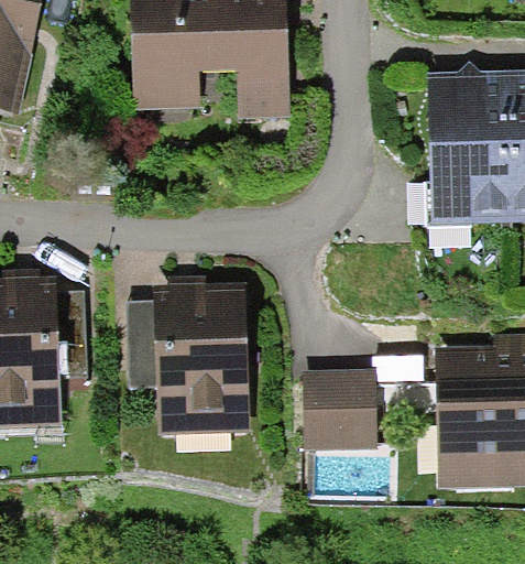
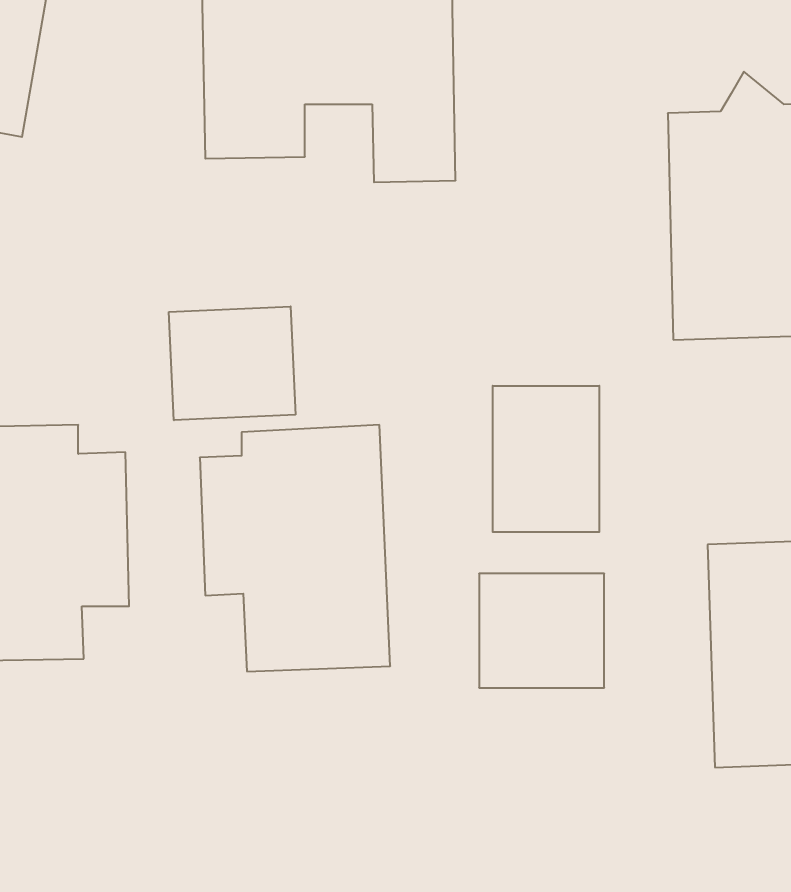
building: none -> [169,306,295,420]
building: none -> [493,386,599,532]

